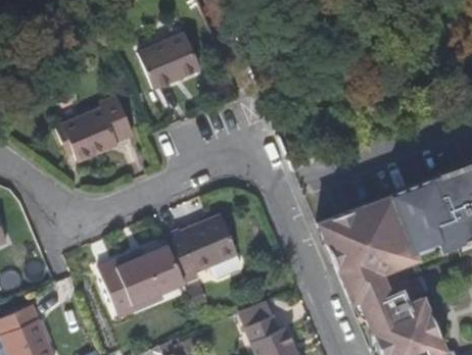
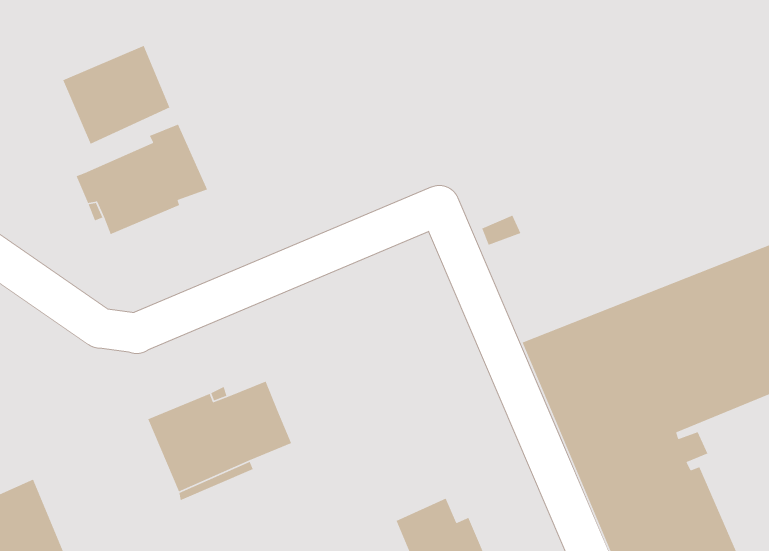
building: [138,32,201,90] -> [62,45,170,145]
building: [164,214,239,283] -> none

